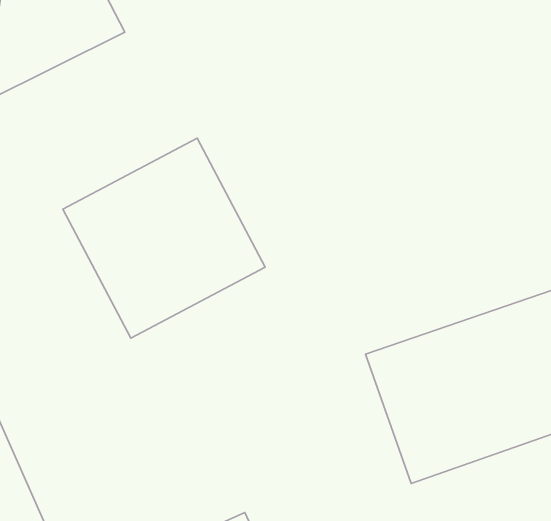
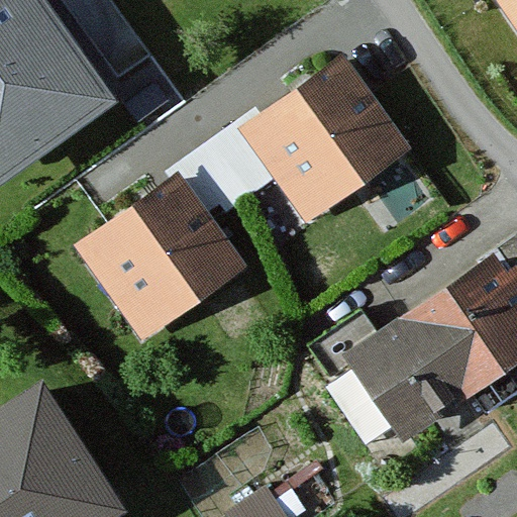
building: none -> [240,57,412,226]

